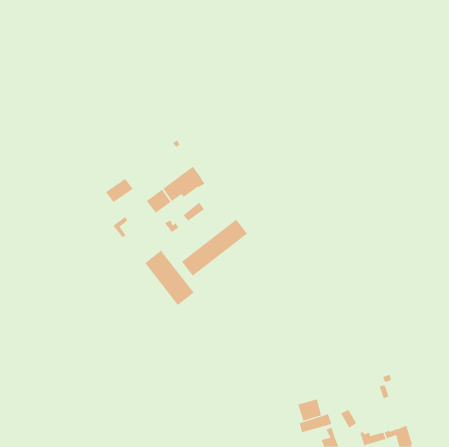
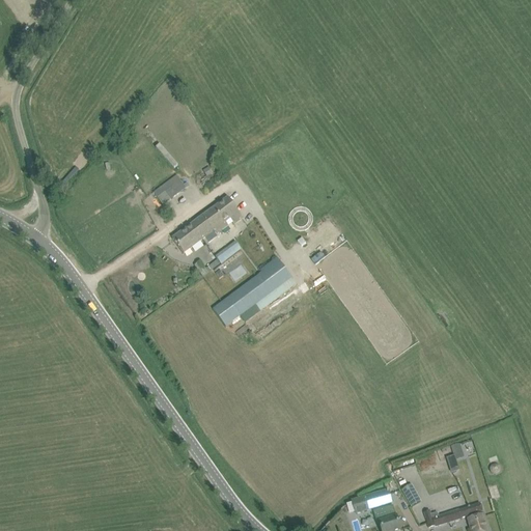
building: [105,178,133,203] -> [153,174,187,203]
building: [144,250,194,306] -> none
building: [298,398,322,421] -> none

